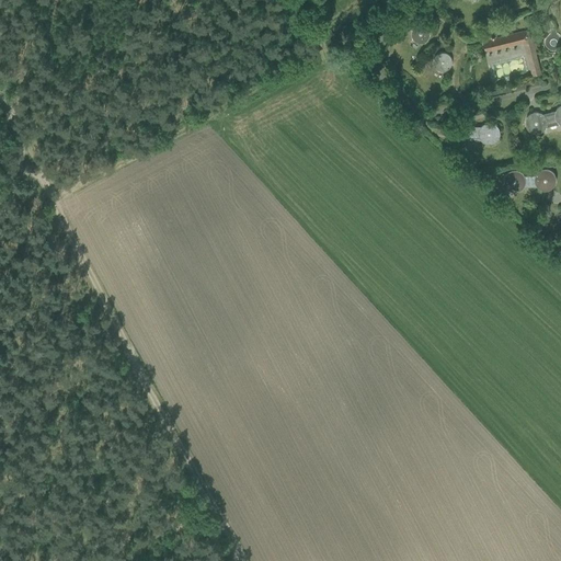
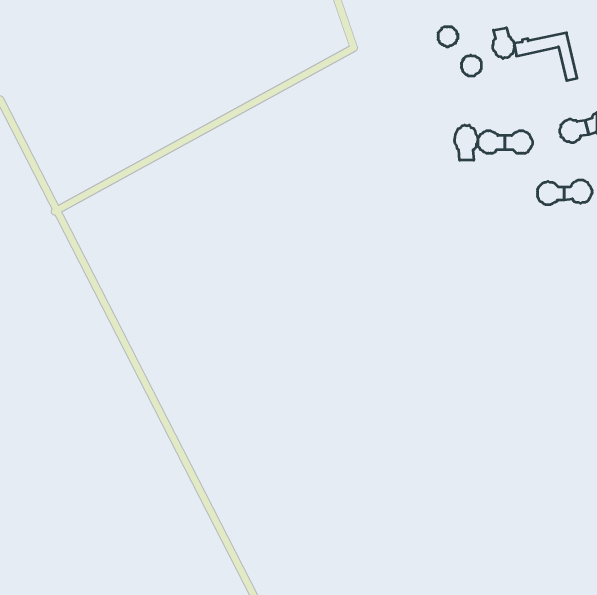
building: none -> [493,28,514,59]
building: none -> [455,125,478,160]

